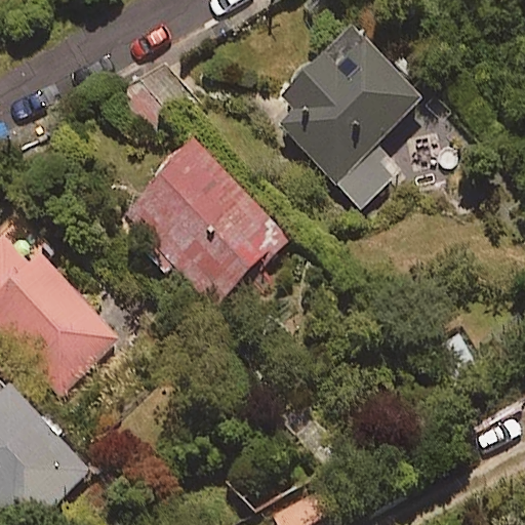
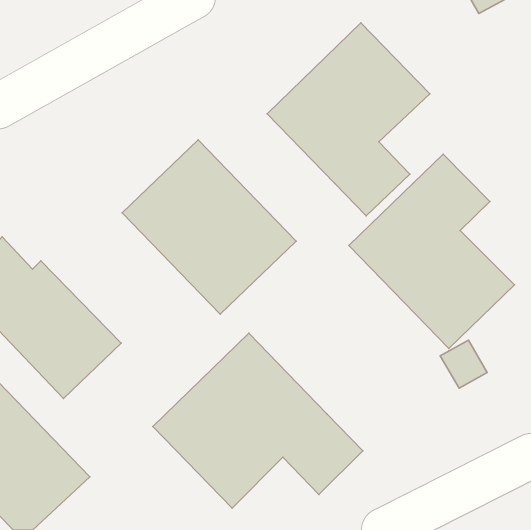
building: none -> [349,154,514,348]
building: none -> [153,333,363,508]

